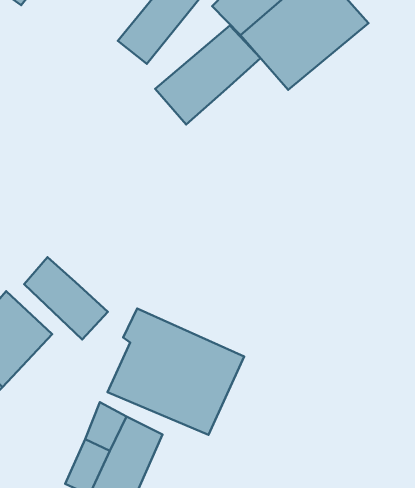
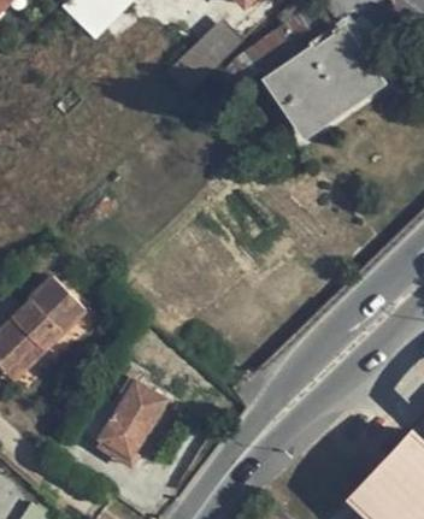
building: [155,25,260,125] -> none
building: [24,257,108,339] -> none
building: [107,309,244,435] -> none

